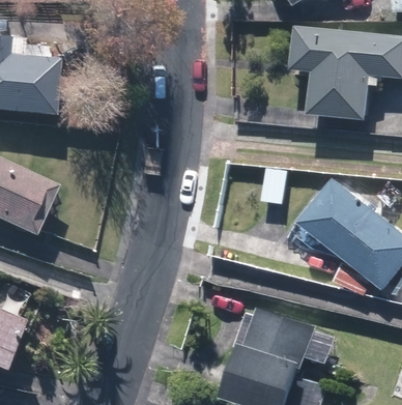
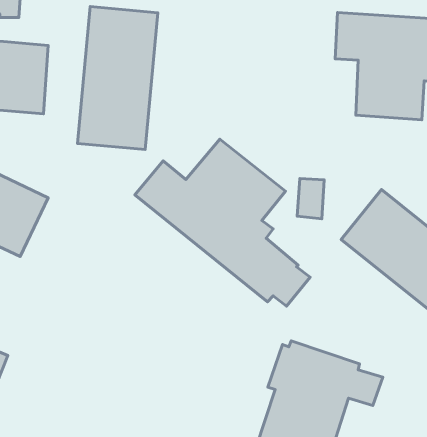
building: none -> [78,7,158,150]
building: none -> [135,139,310,306]

